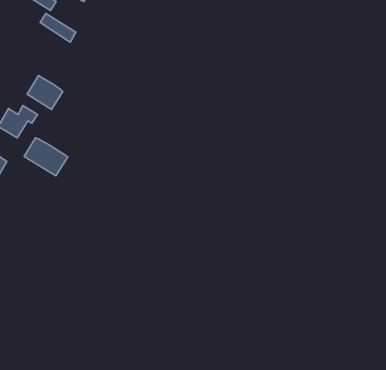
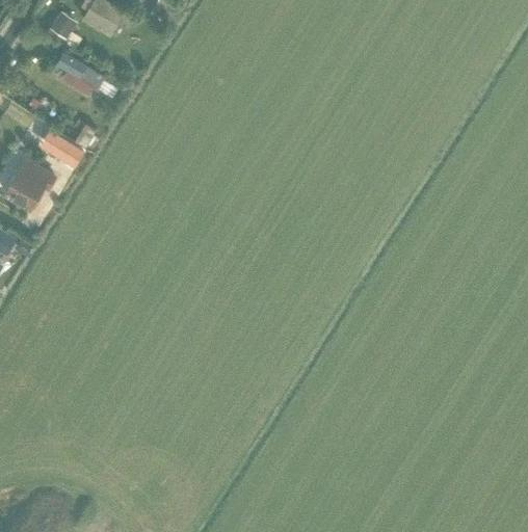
building: [24,138,68,176] -> none

